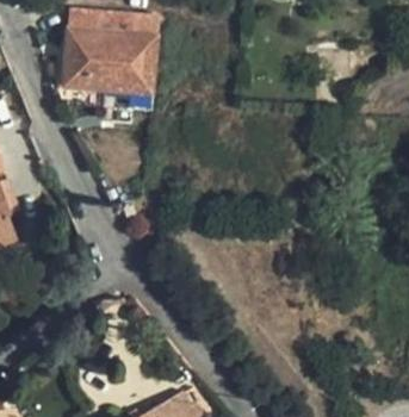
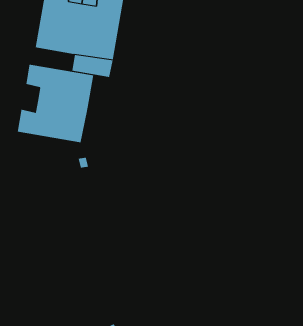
building: none -> [17,64,94,143]

